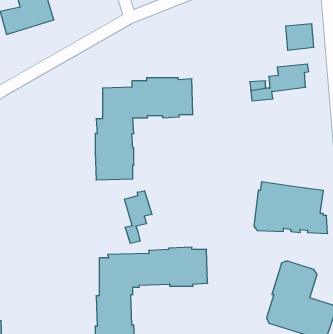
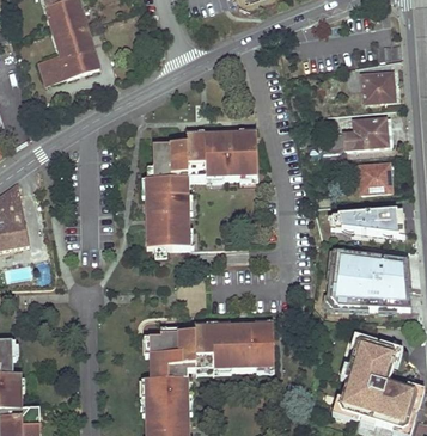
building: none -> [360,161,390,190]
building: none -> [328,207,402,234]
building: [125,191,152,243] -> none

